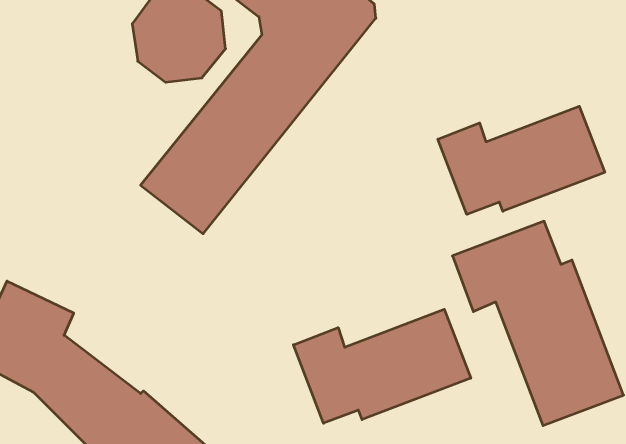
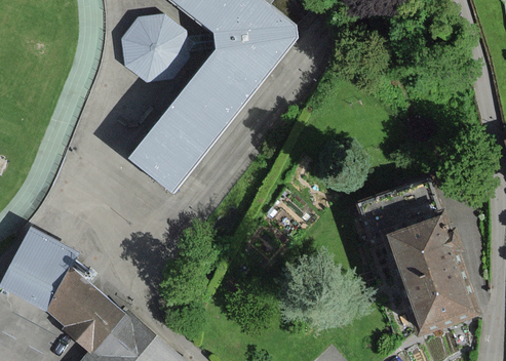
building: [438,106,605,214] -> none
building: [293,309,471,423] -> none

